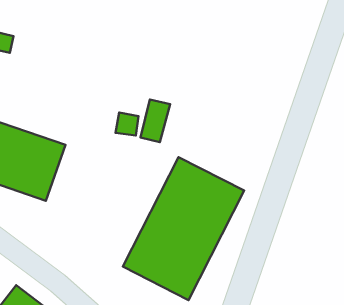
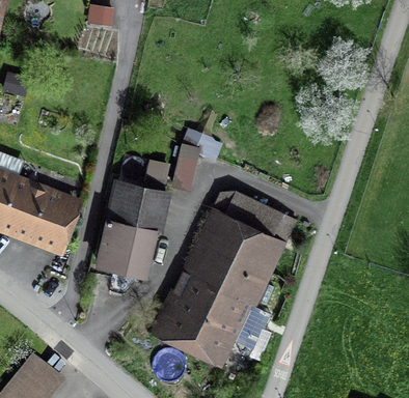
building: none -> [96,180,173,282]
building: none -> [212,184,297,247]

